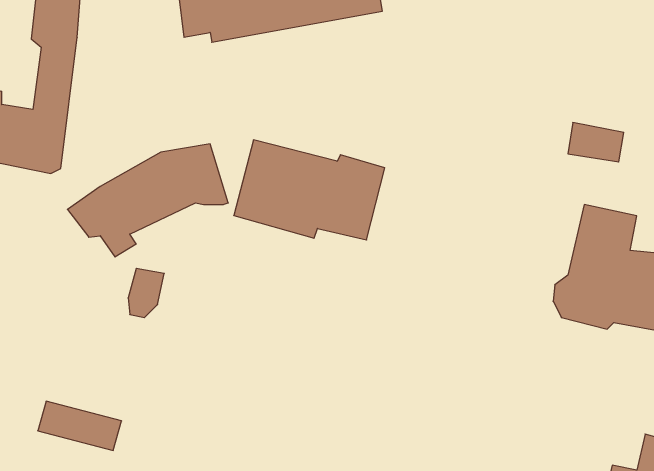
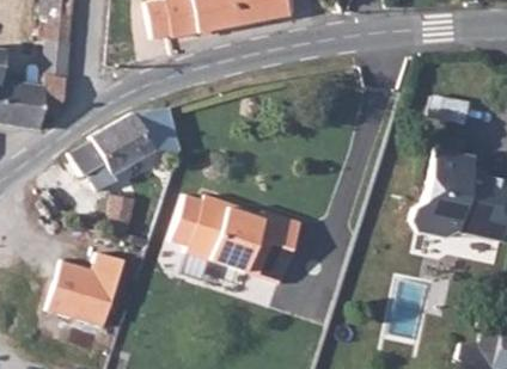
building: [234,140,385,240] -> [183,201,293,273]
building: none -> [49,256,116,309]

